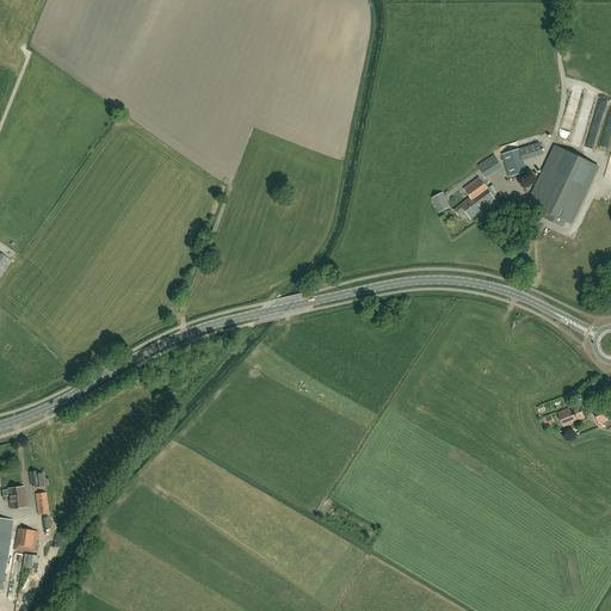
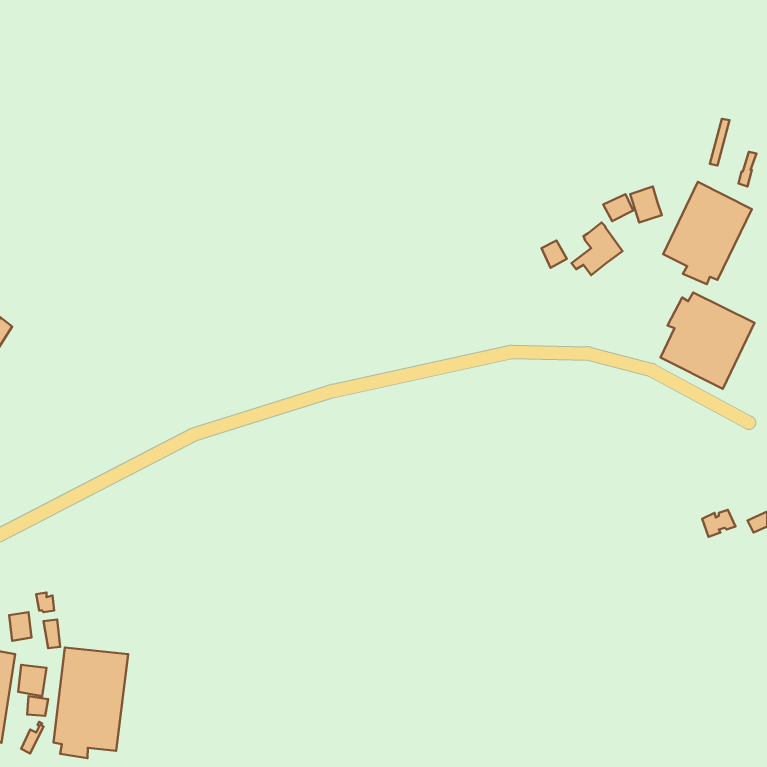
building: none -> [661,293,755,389]
building: none -> [54,647,128,758]

